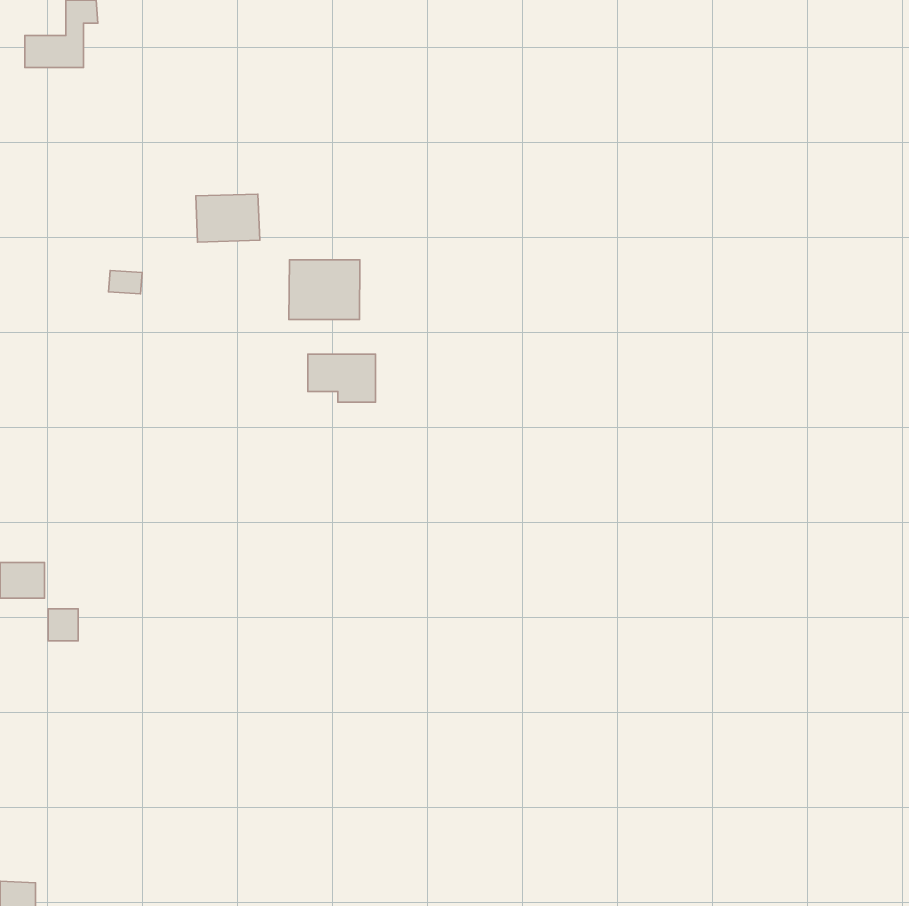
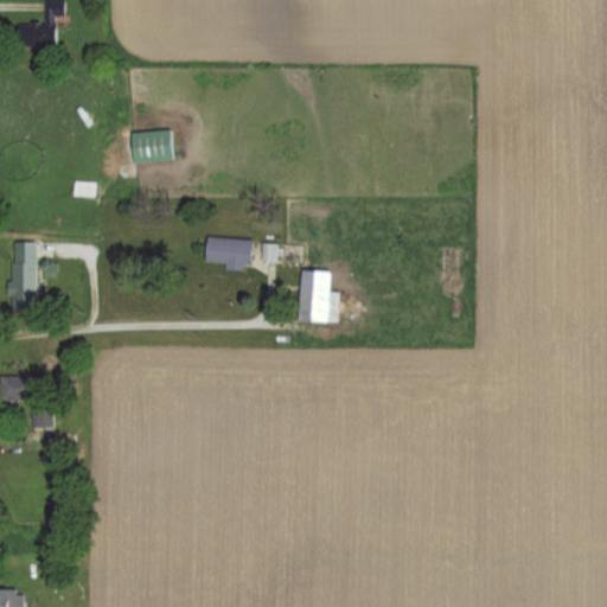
building: [289,260,360,319] -> none
building: none -> [9,242,36,312]
building: none -> [298,270,332,322]

